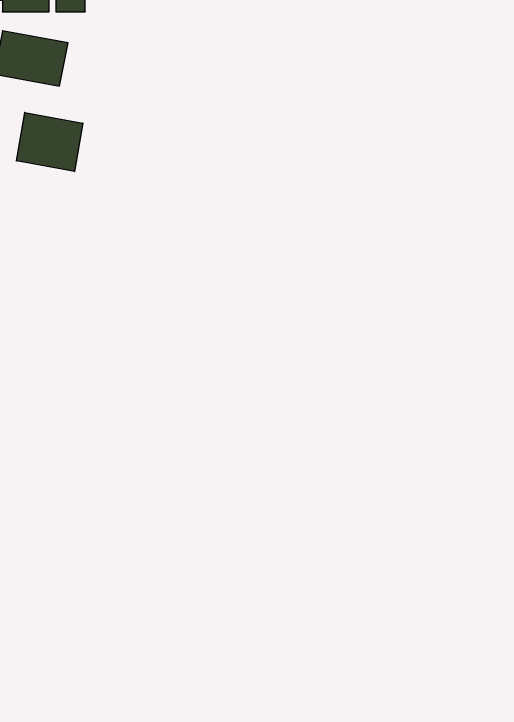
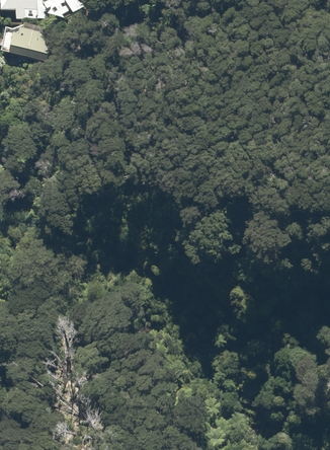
building: [16,112,83,172] -> none

